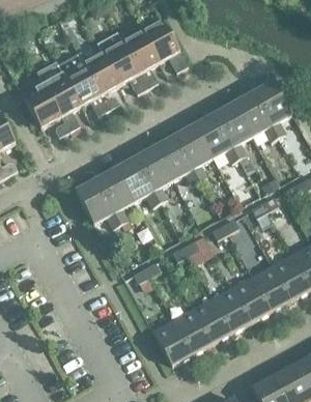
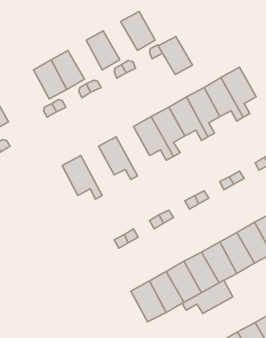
building: [121,30,160,73] -> [158,36,193,75]
building: [82,51,120,94] -> none
building: [23,84,61,127] -> none
building: [136,147,173,202] -> none
building: [96,169,134,224] -> none
building: none -> [182,280,233,314]

